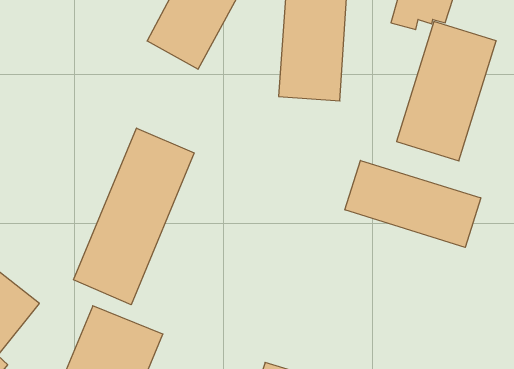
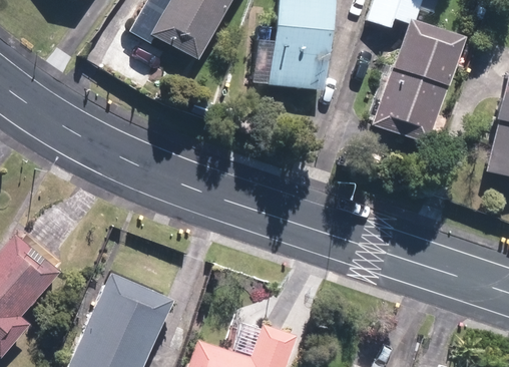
building: [74,128,194,305] -> none
building: [345,160,481,247] -> none

